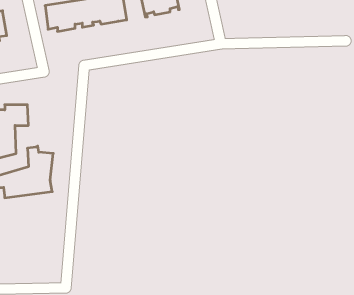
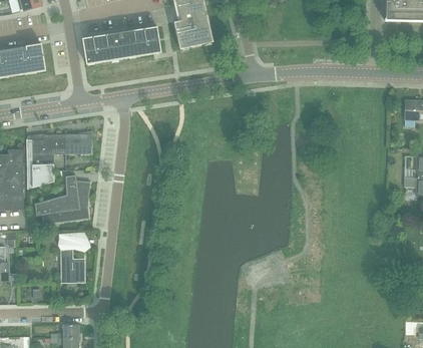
building: none -> [65,132,91,153]
building: none -> [60,234,85,282]

